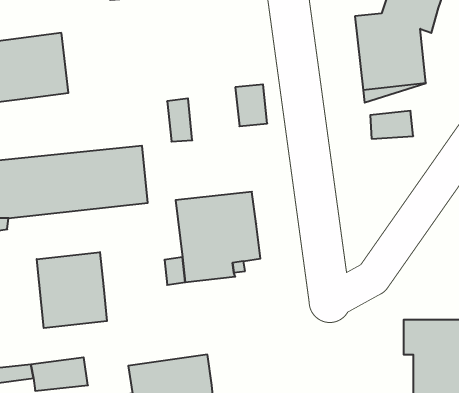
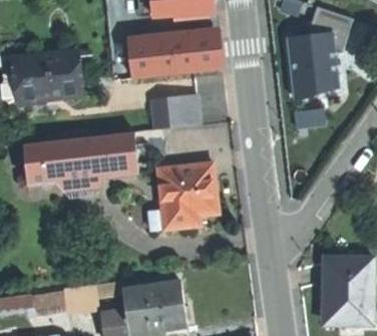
building: none -> [125,40,221,79]
building: none -> [165,94,198,127]
building: [37,252,107,328] -> none

